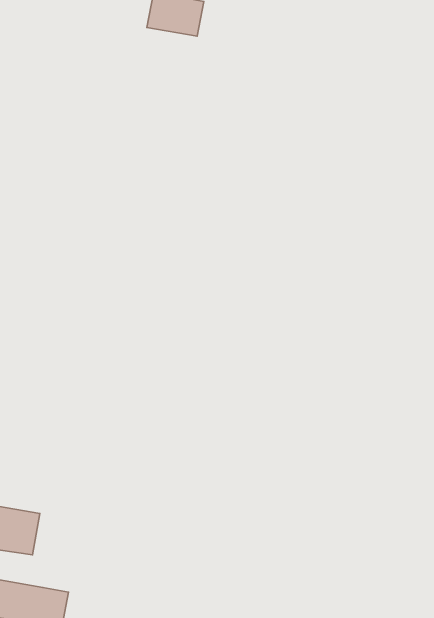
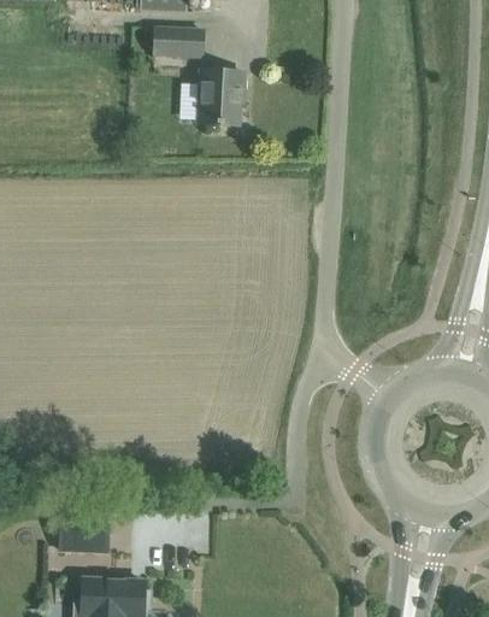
building: none -> [199,70,244,124]

